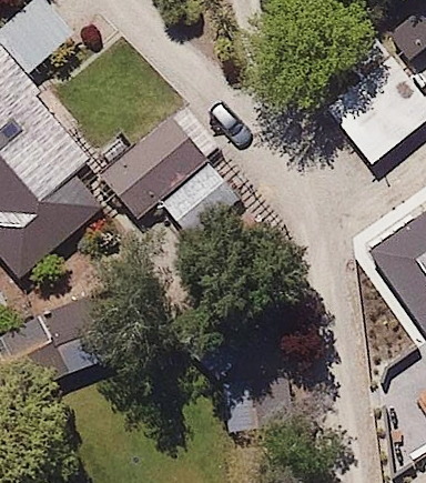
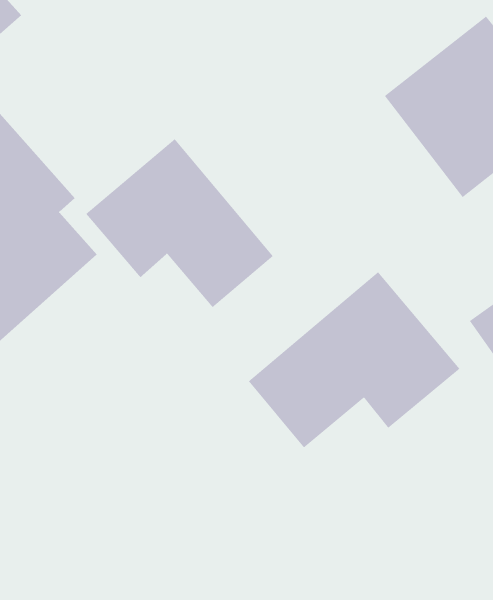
building: none -> [248,271,460,448]

